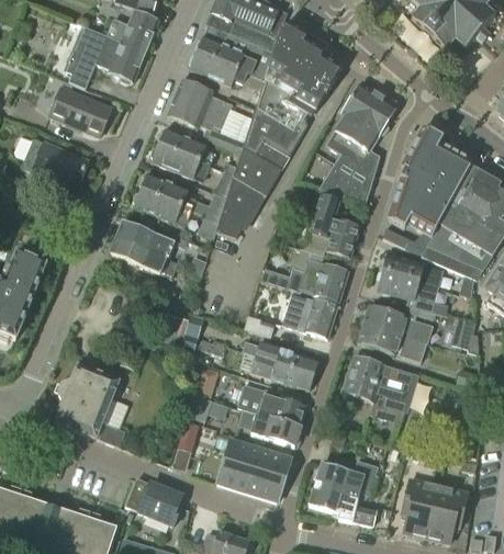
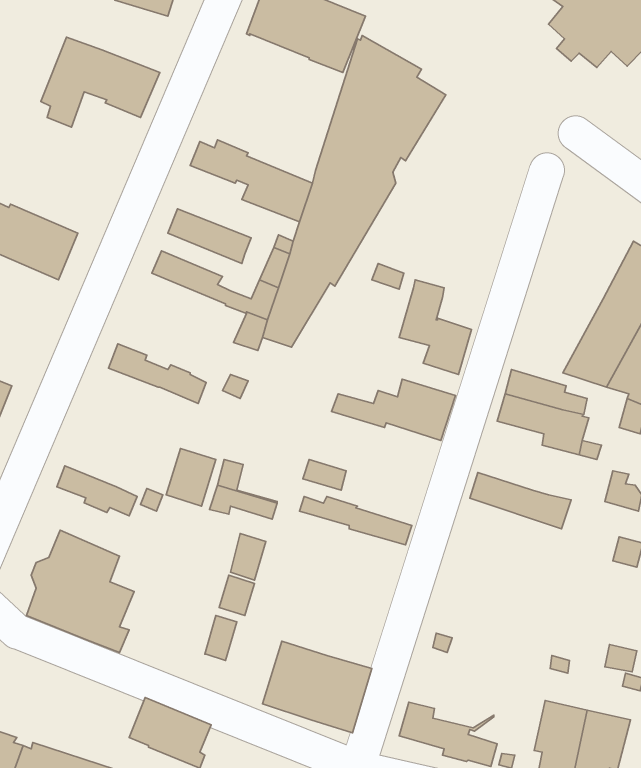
building: [107,10,158,50] -> none
building: [190,24,273,84] -> none
building: [173,79,253,126] -> none
building: [318,83,396,202] -> none
building: [49,87,111,136] -> none
building: [158,127,213,163] -> none
building: [383,129,470,256] -> none
building: [134,188,191,226] -> none
building: [117,222,172,256] -> [57,466,137,516]
building: [283,293,337,338] -> none
building: [363,305,432,342] -> none
building: [242,350,314,388] -> none
building: [343,355,417,422] -> none
building: [237,384,306,445] -> none
building: [316,460,379,498] -> none

